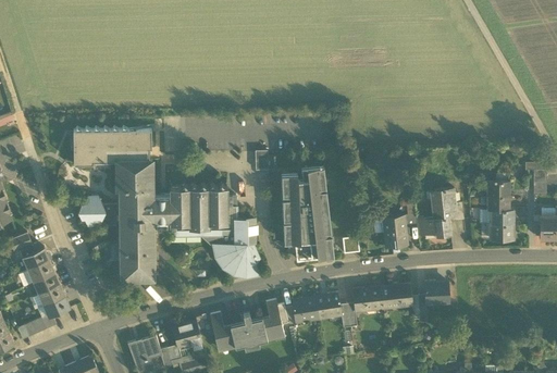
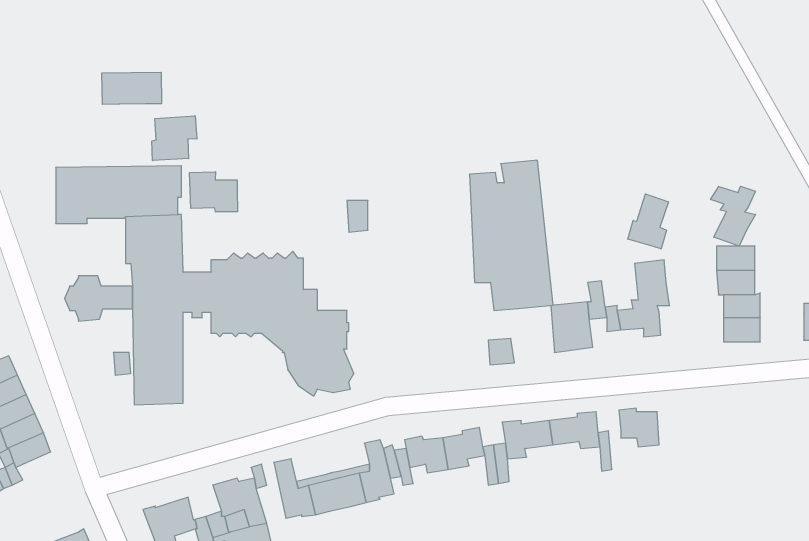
building: none -> [102,72,162,104]
building: none -> [152,116,197,161]
building: none -> [190,172,237,212]
building: none -> [711,186,756,246]
building: none -> [628,194,668,249]
building: [281,166,333,260] -> [469,160,553,310]

